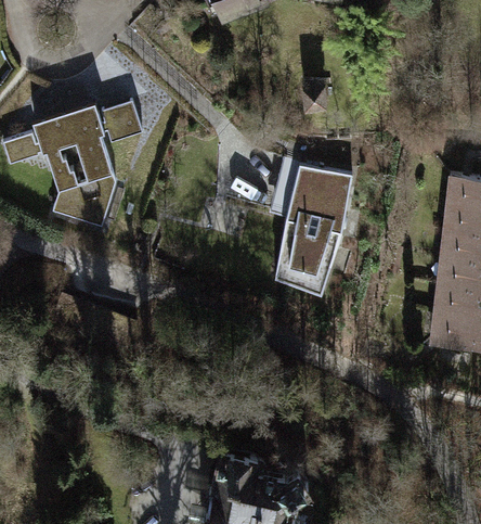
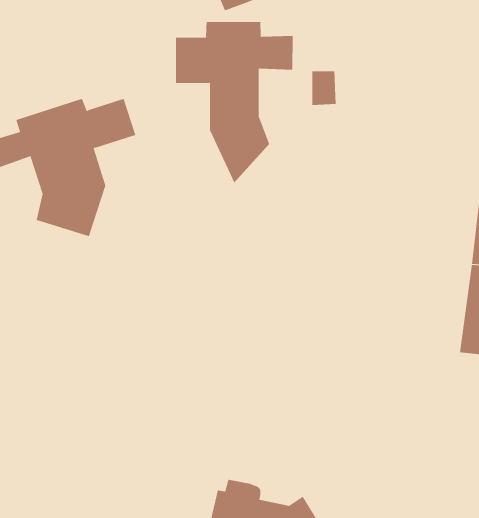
building: none -> [175,21,293,183]
building: [271,161,348,295] -> none

